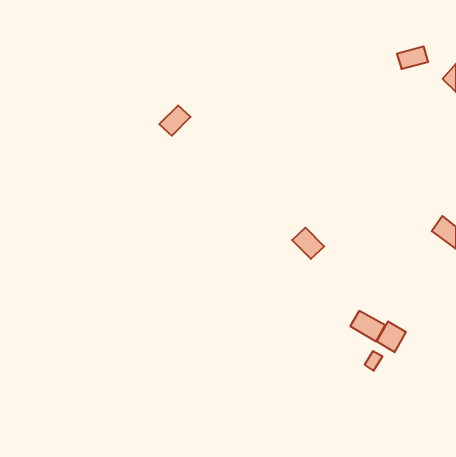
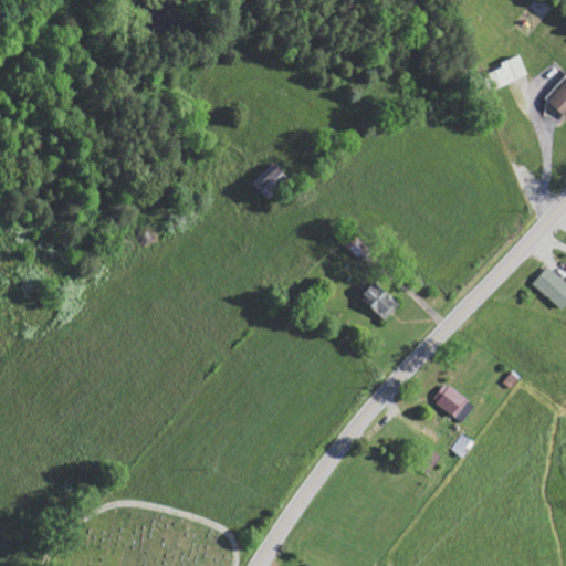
building: [159,105,191,136] -> [252,163,291,200]
building: [377,321,406,352] -> none

